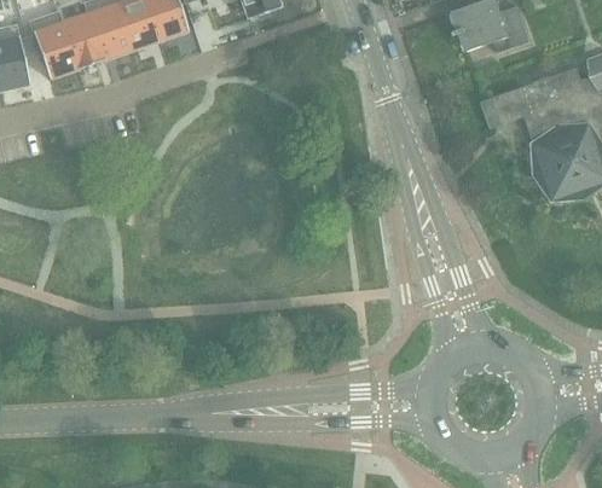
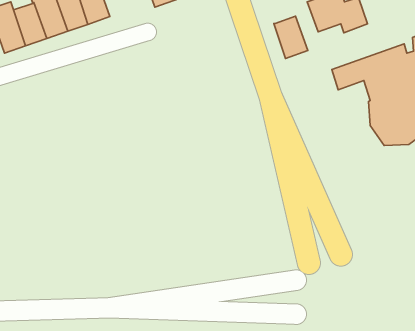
building: none -> [274,16,308,58]

